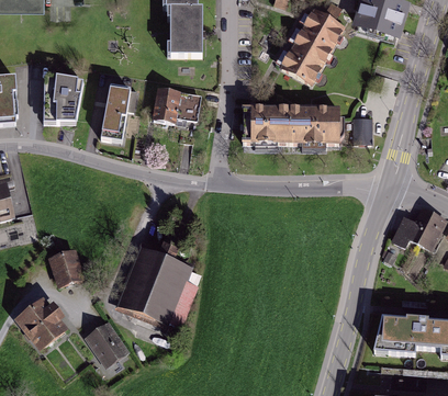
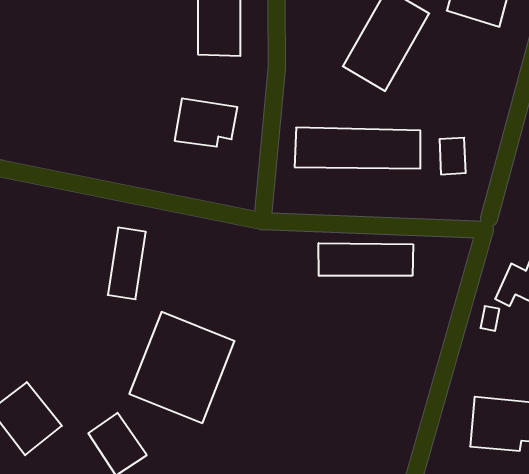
building: [43,73,85,122] -> none
building: [102,87,131,140] -> [108,228,146,299]
building: none -> [319,243,413,276]
building: [57,254,87,291] -> none

